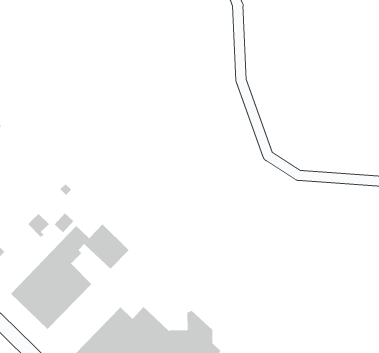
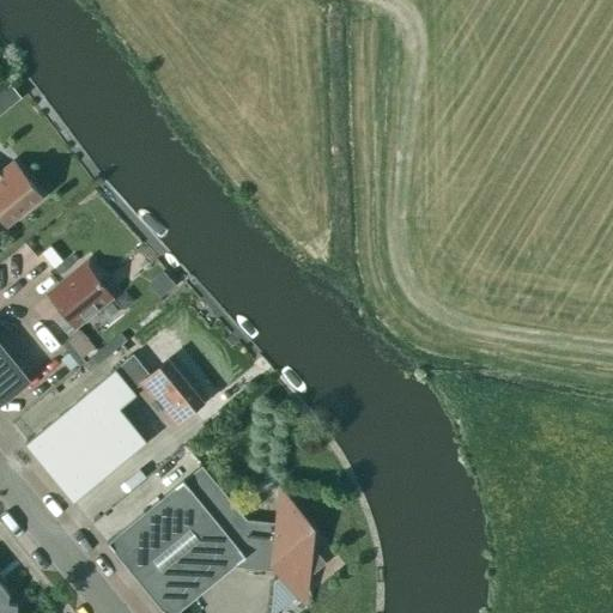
building: none -> [48,261,113,333]

